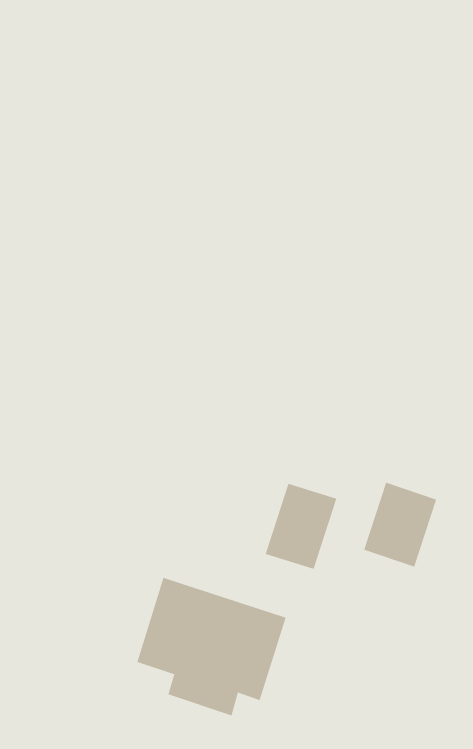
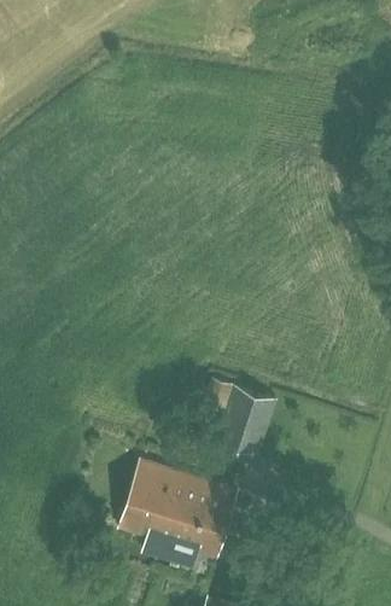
building: [364,482,437,567] -> none

